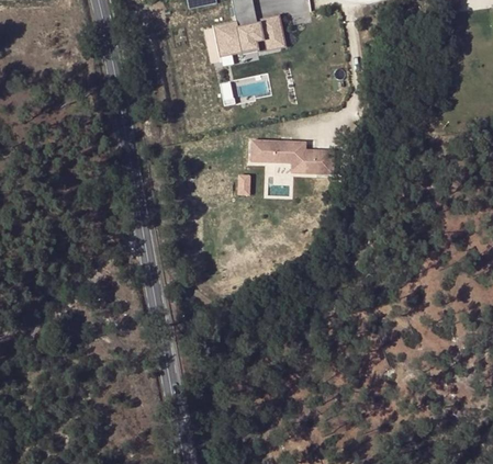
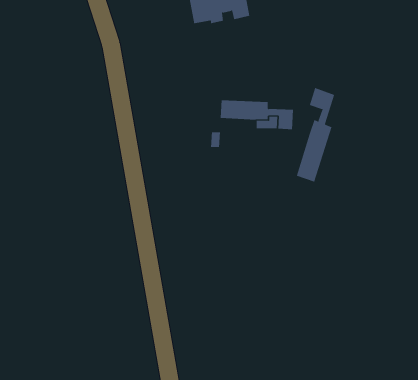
building: none -> [296,87,335,183]

